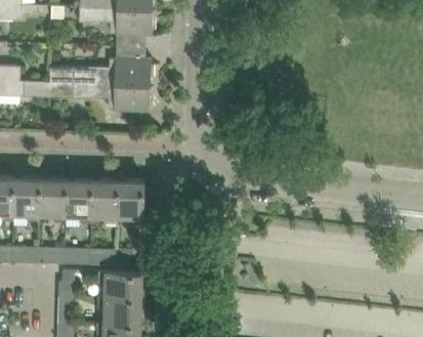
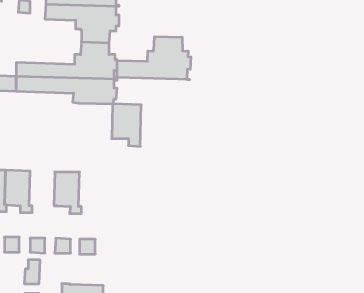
building: none -> [117,37,191,80]
building: [61,179,90,223] -> none
building: [113,180,143,224] -> [112,104,141,146]
building: [96,270,139,298] -> none

